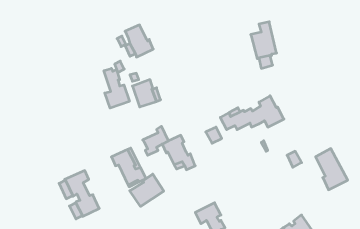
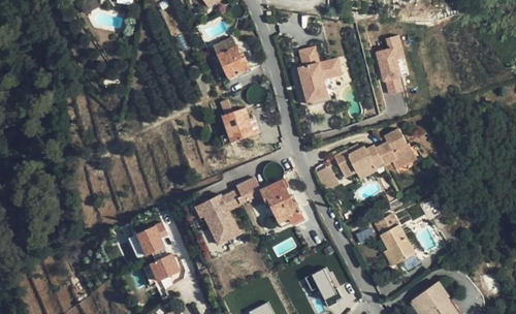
building: none -> [298,45,343,101]
building: [104,68,129,108] -> none
building: [316,149,348,190] -> [375,216,416,269]
building: [130,174,164,206] -> none

